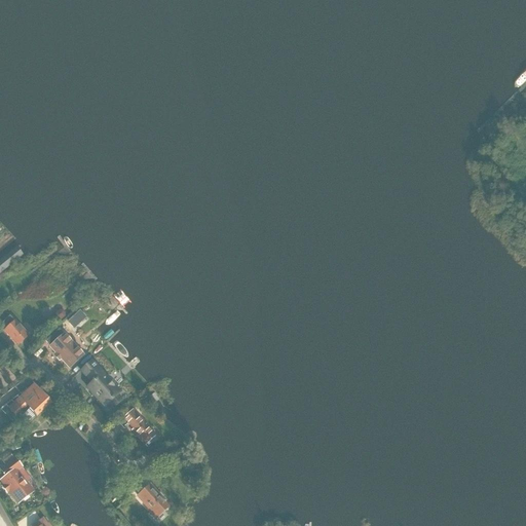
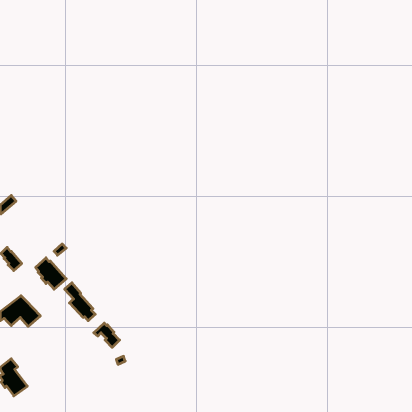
building: [139,484,168,517] -> none

